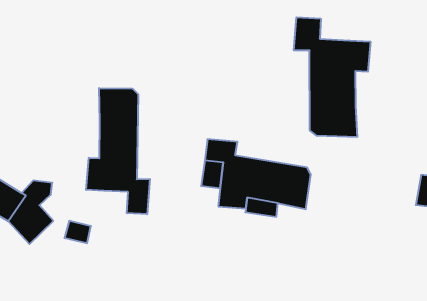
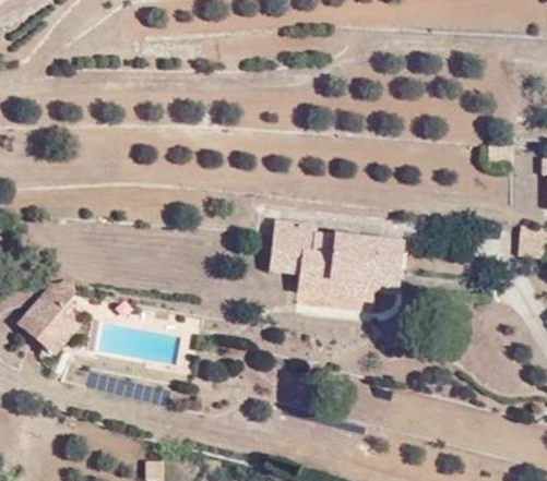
building: [294,17,371,137] -> none
building: [86,88,150,214] -> none

